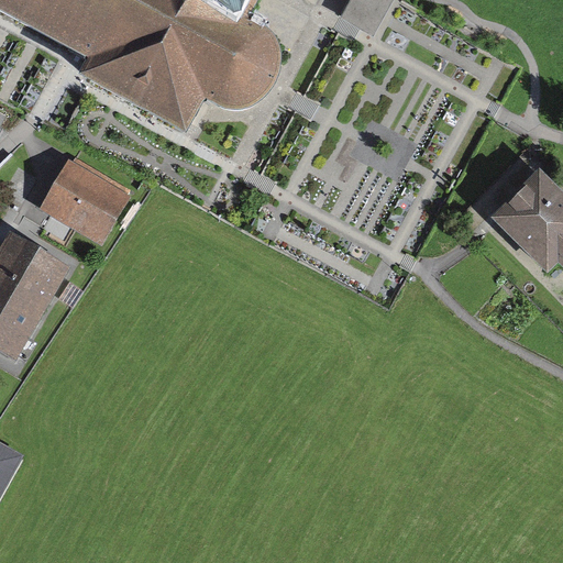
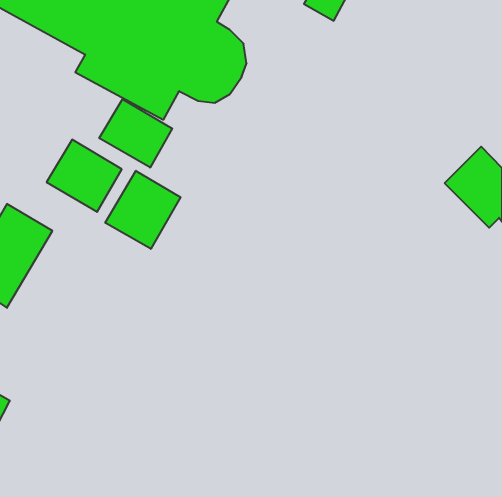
building: none -> [99,99,172,168]
building: none -> [105,171,181,249]

